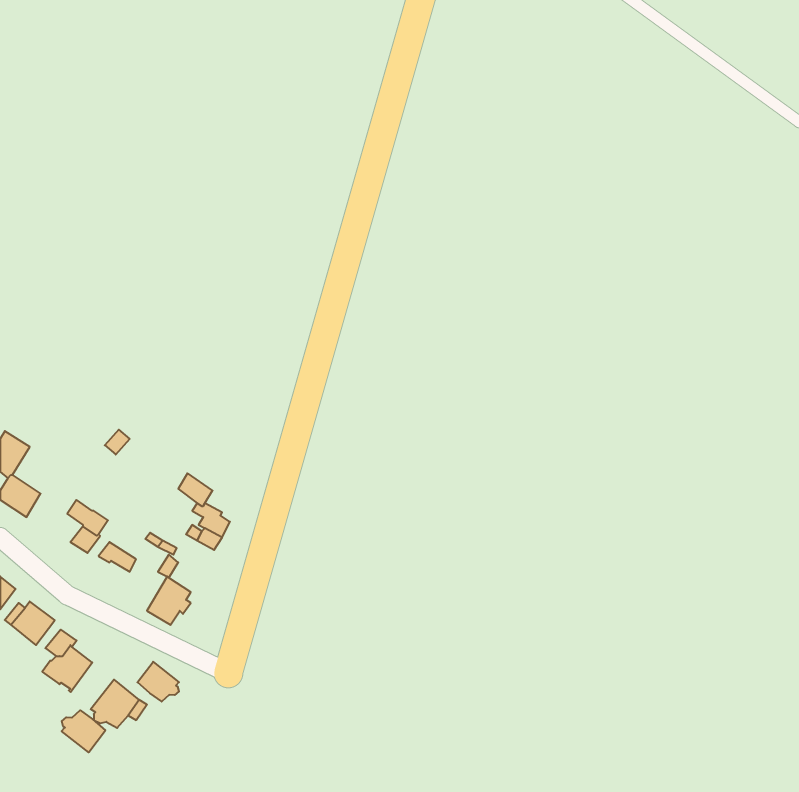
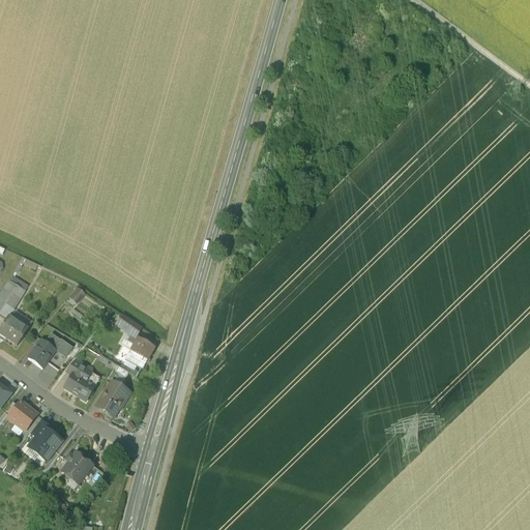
building: none -> [28,337,55,365]
building: none -> [64,371,99,399]
building: [137,662,179,702] -> none
building: [62,710,105,752] -> none

